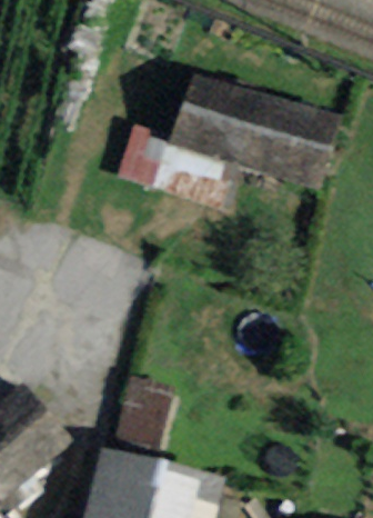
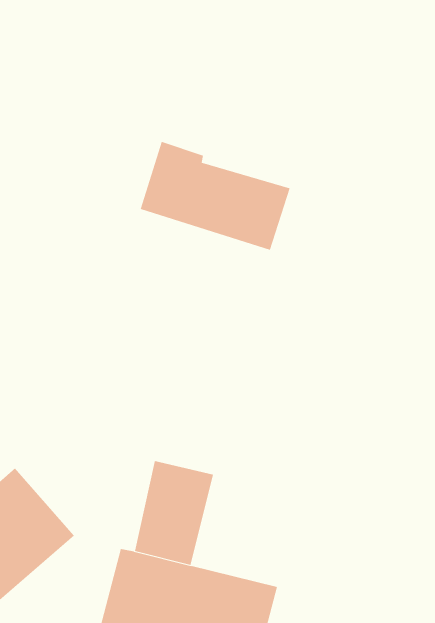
building: [167,77,340,189] -> none

